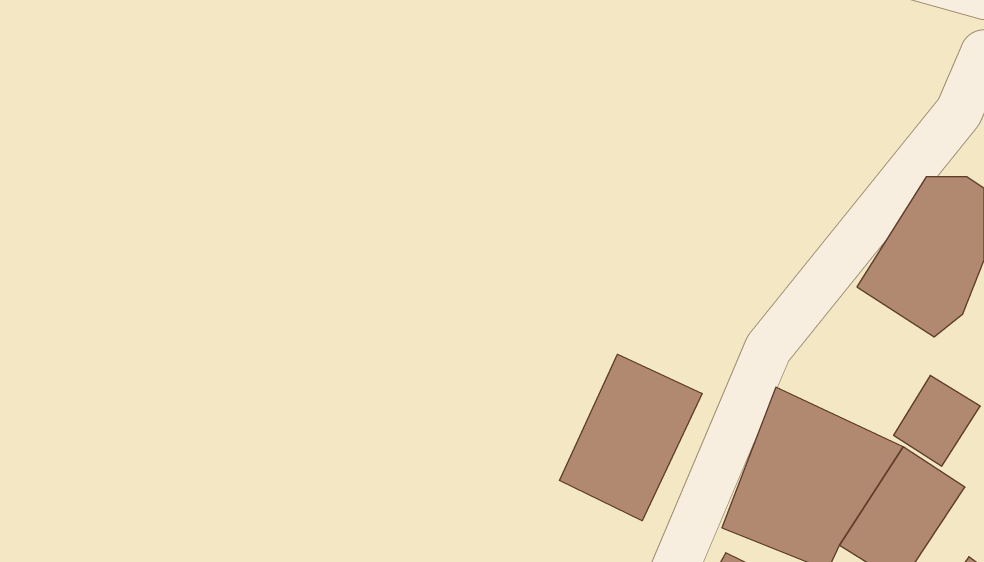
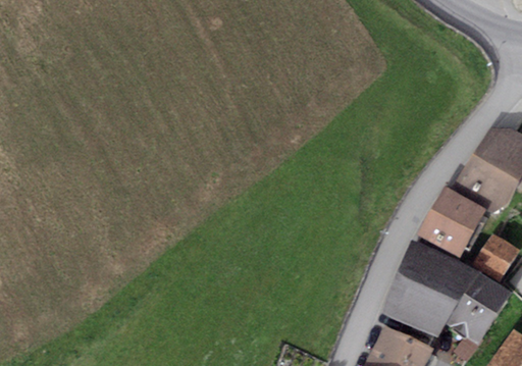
building: none -> [418,186,486,258]
building: [560,354,702,521] -> none

